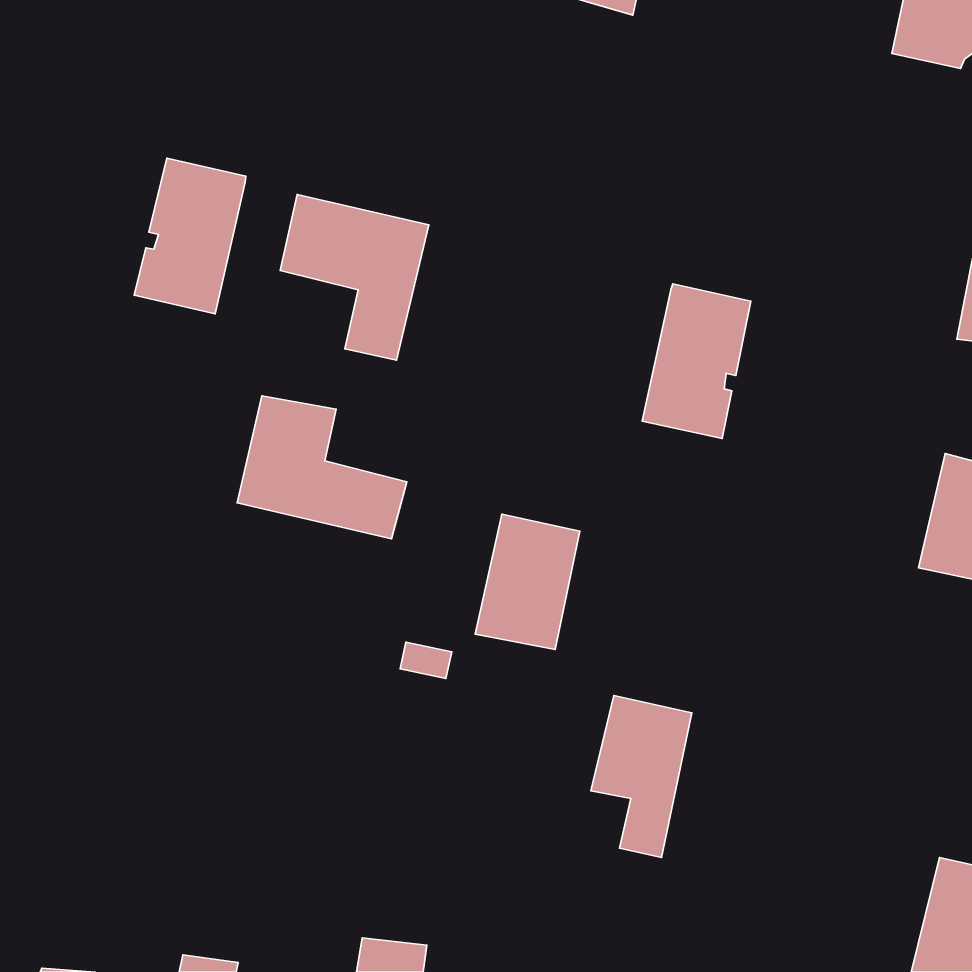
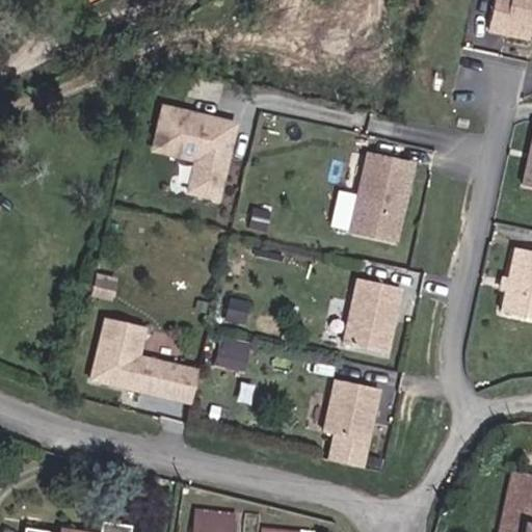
building: [134,158,246,314] -> none
building: [237,396,407,539] -> [90,321,183,399]
building: [475,514,580,649] -> [343,278,400,352]

